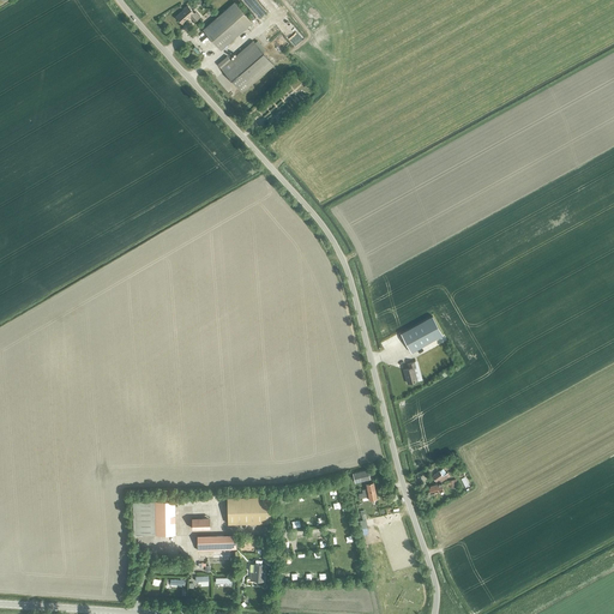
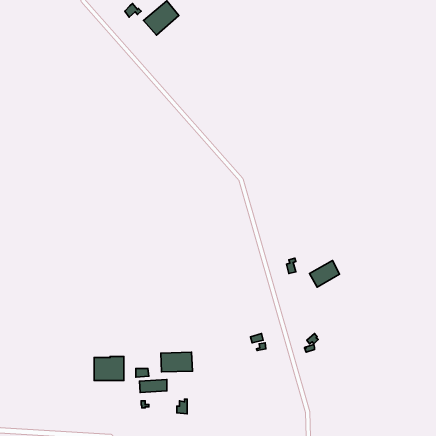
building: [217,42,272,94] -> none
building: [398,318,440,355] -> [310,261,339,287]

